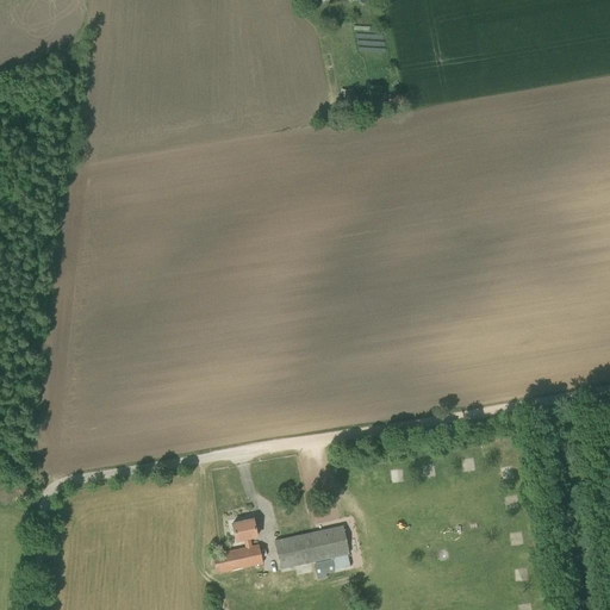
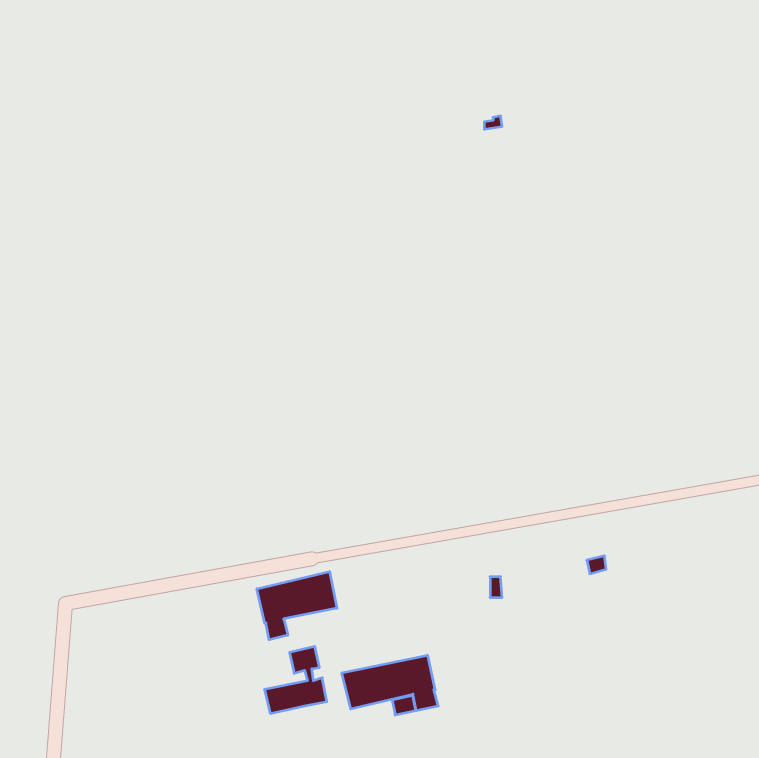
building: none -> [257,572,337,640]

